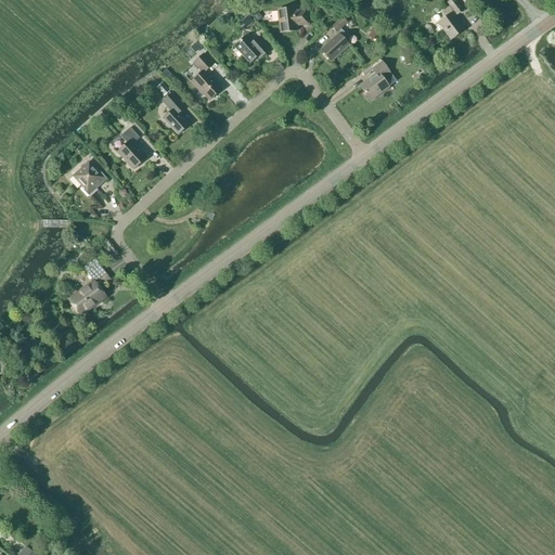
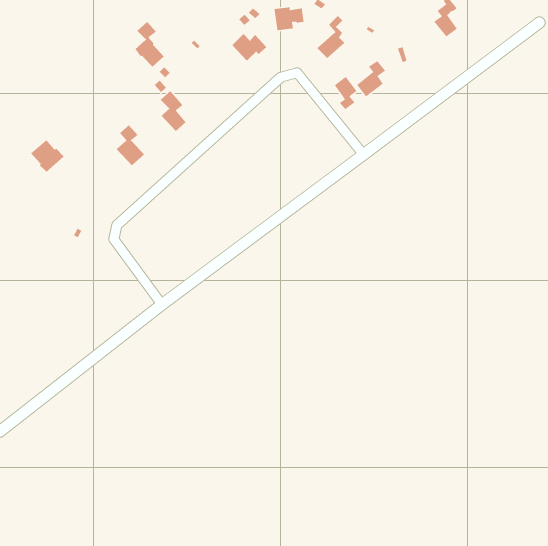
building: [191,52,221,99] -> [134,21,164,67]
building: none -> [334,76,357,110]
building: [73,160,107,194] -> [30,139,65,173]
building: [69,256,113,313] -> none

